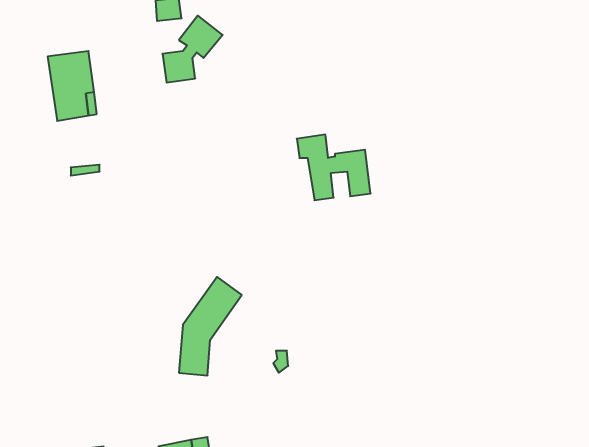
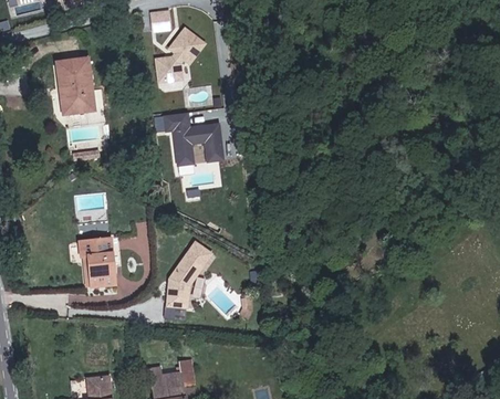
building: [297,135,371,200] -> [162,112,221,165]
building: none -> [76,234,113,284]

